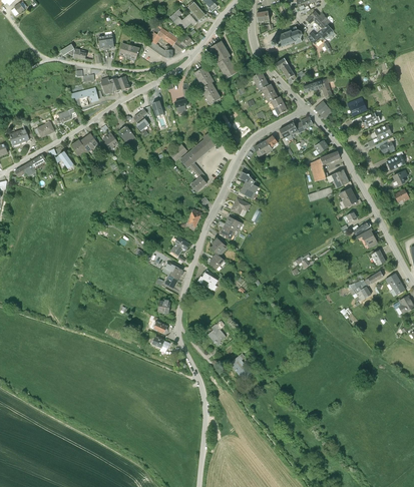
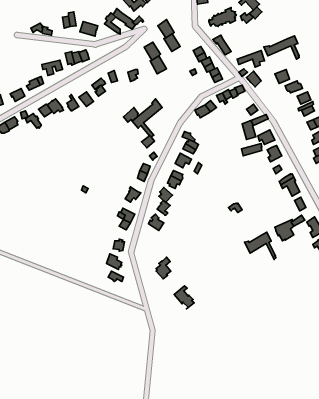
building: none -> [264,36,299,59]
building: none -> [245,232,276,259]

